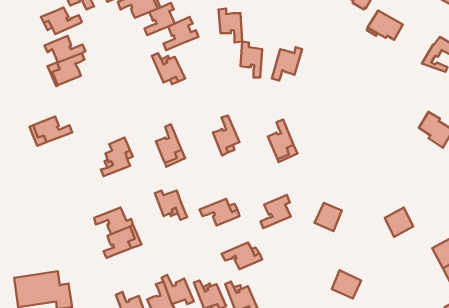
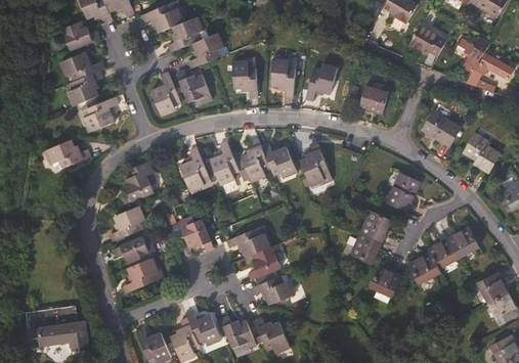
building: [218,8,242,43] -> [232,60,258,97]
building: none -> [457,39,484,82]
building: none -> [152,72,180,115]
building: none -> [360,86,388,112]
building: none -> [87,97,119,132]
building: none -> [422,109,462,146]
building: none -> [210,141,240,184]
building: none -> [261,142,297,174]
building: none -> [388,172,420,211]
building: none -> [111,206,143,240]
building: none -> [361,210,391,240]
building: [260,195,291,228] -> [249,243,282,279]
building: none -> [447,226,480,258]
building: none -> [408,253,439,283]
building: [332,270,361,299] -> [370,265,401,296]

